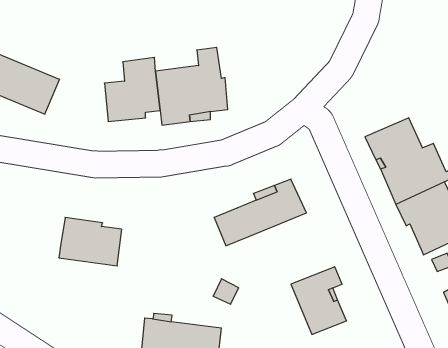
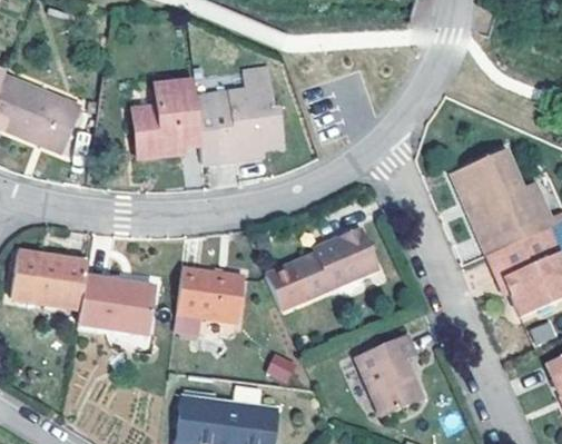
building: none -> [10,253,86,309]
building: none -> [176,269,244,320]

